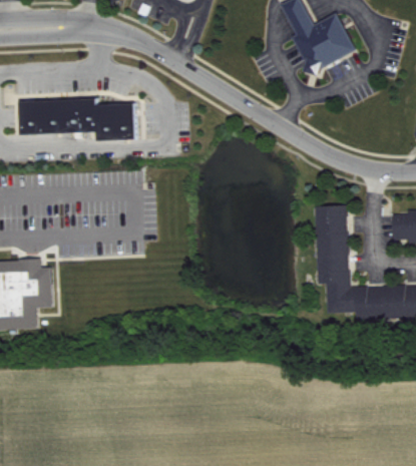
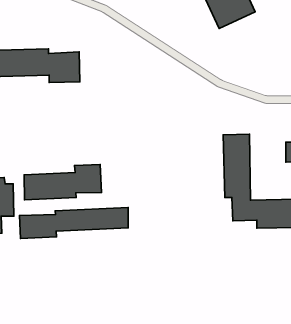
building: none -> [24,164,102,200]
building: none -> [19,207,128,238]

